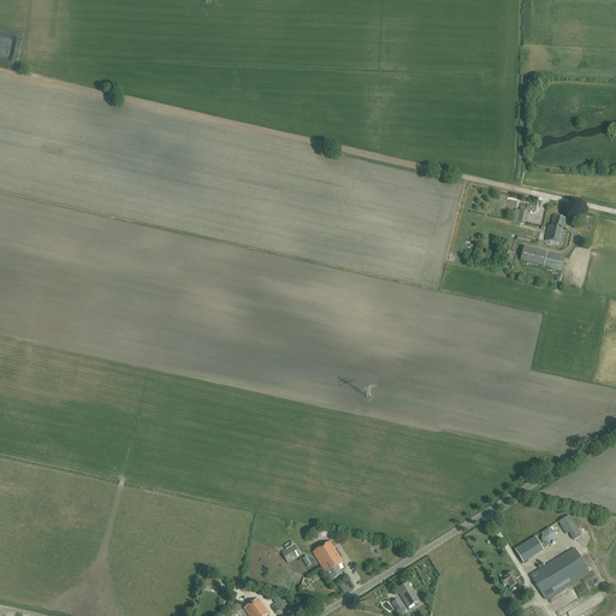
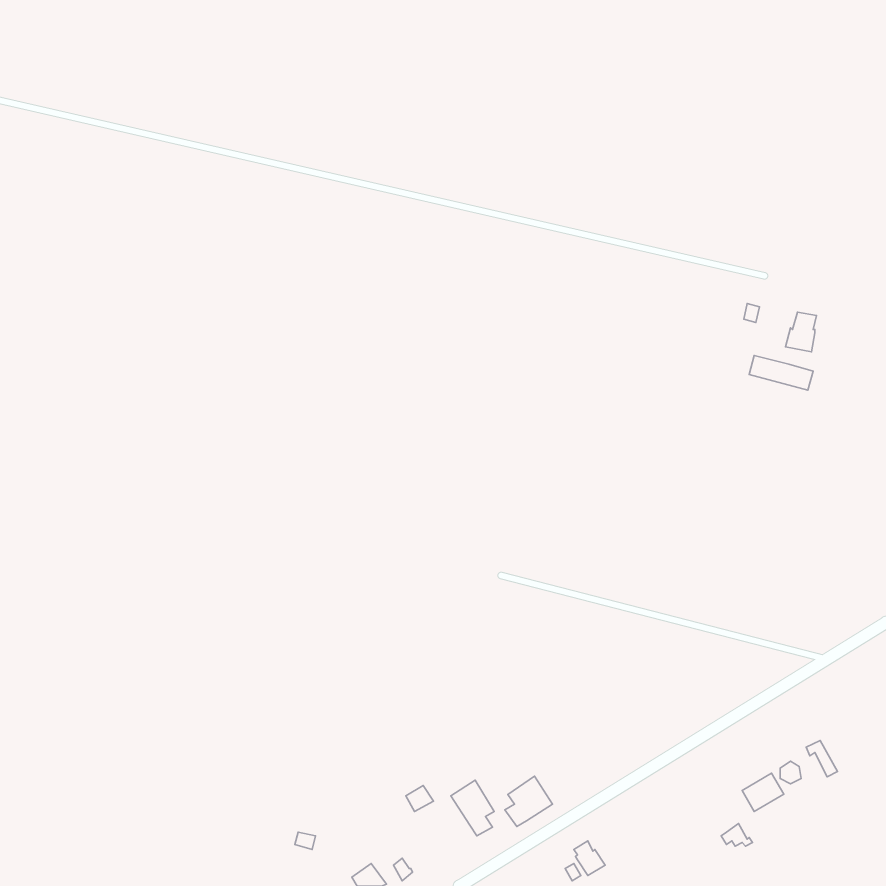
building: none -> [505,776,553,827]
building: [531,549,585,592] -> none

